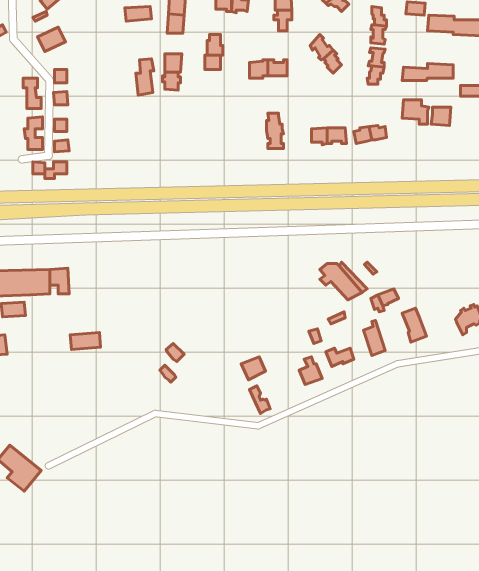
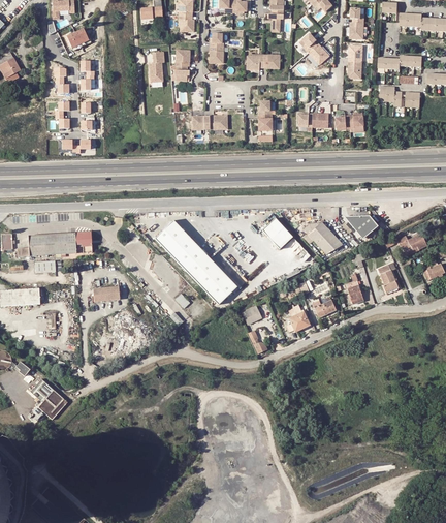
building: none -> [189,114,224,128]
building: none -> [344,216,380,240]
building: none -> [262,217,293,247]
building: none -> [155,221,237,305]
building: none -> [397,233,428,253]

